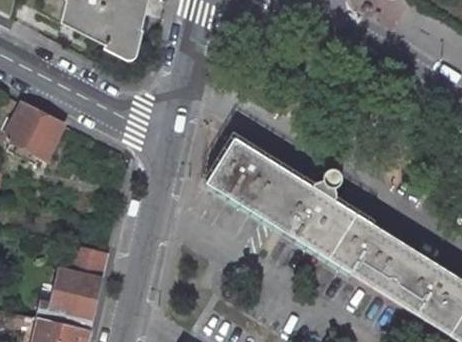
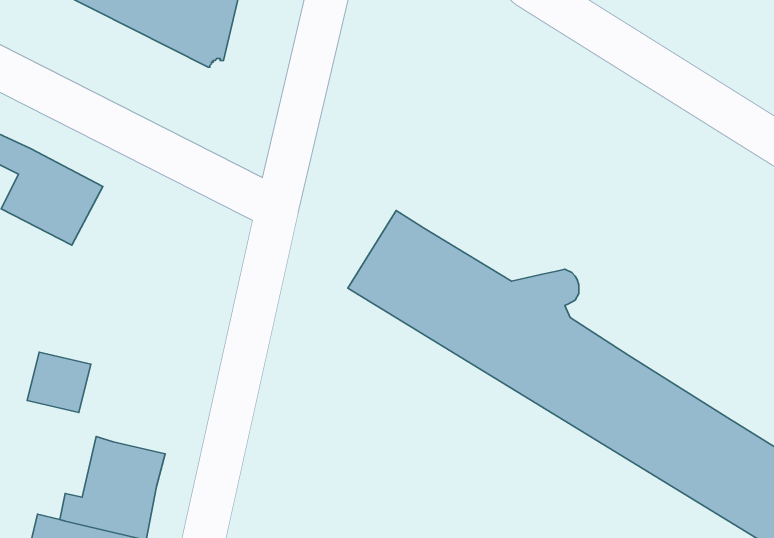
building: [72,245,109,280] -> [27,352,91,413]

